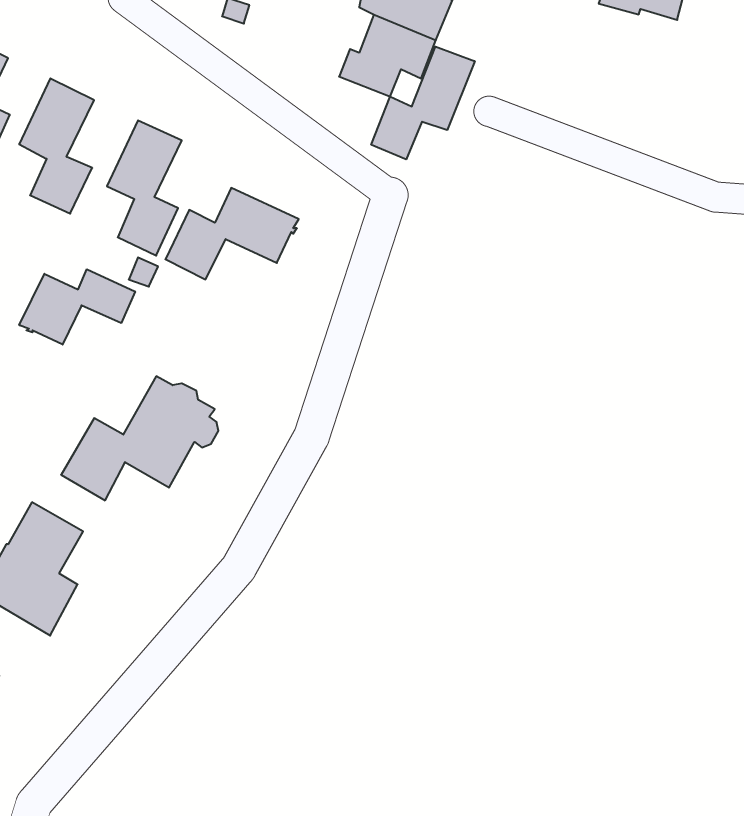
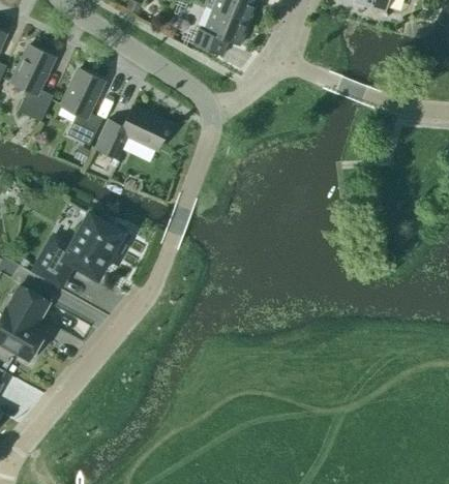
building: [371,47,475,159] -> none
building: [19,269,135,345] -> none

